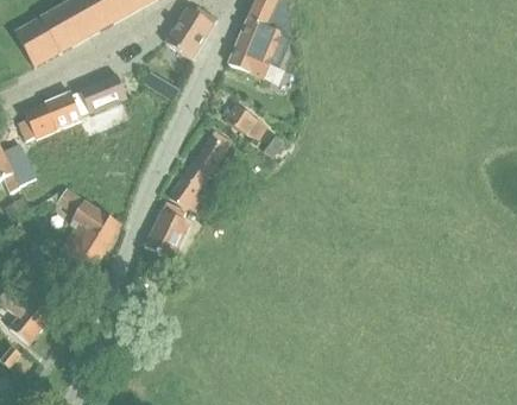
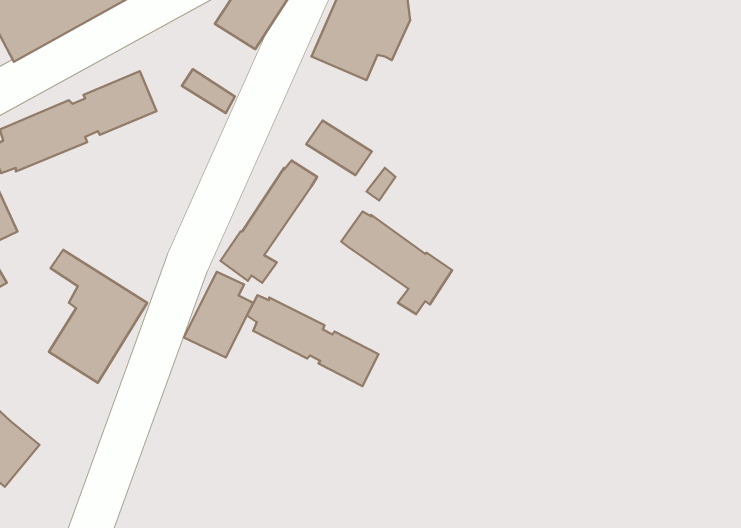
building: none -> [341,212,452,314]
building: none -> [247,295,378,386]

